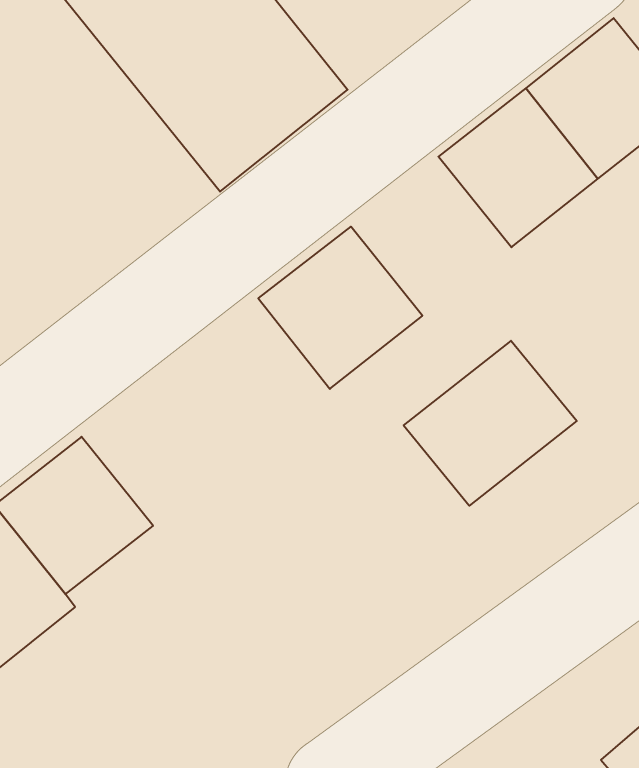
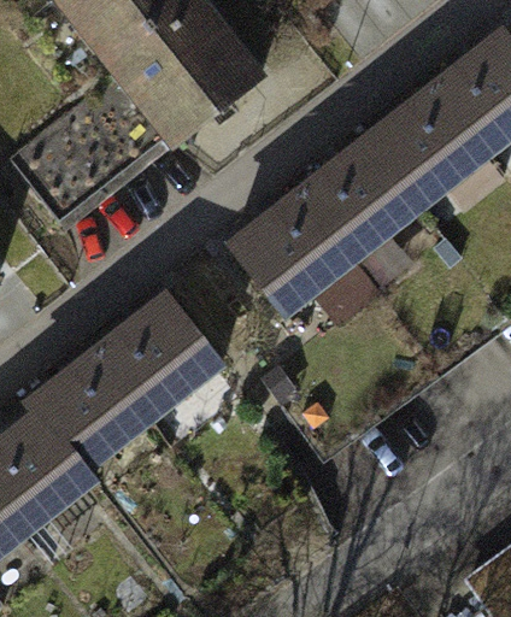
building: none -> [290,140,412,260]
building: [404,341,577,506] -> none
building: none -> [87,299,207,419]

